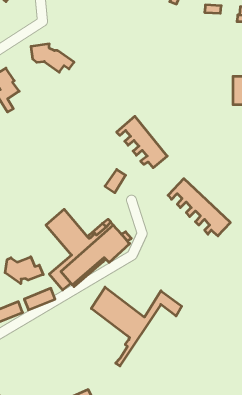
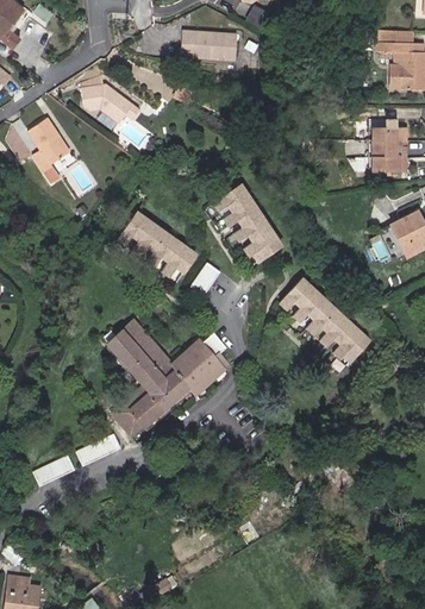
building: none -> [182,30,237,58]
building: none -> [114,215,195,278]
building: [5,257,43,284] -> none
building: [91,287,182,366] -> none

